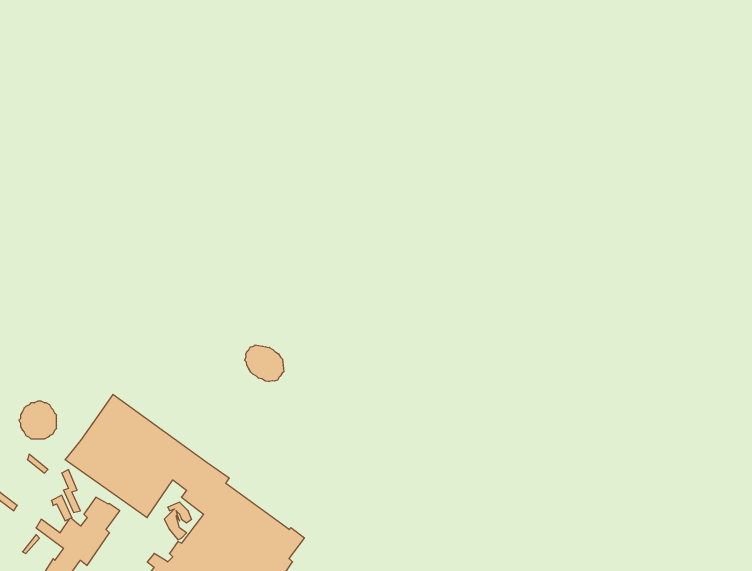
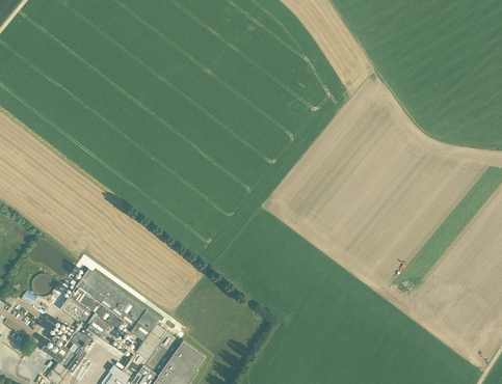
building: [245,345,284,382] -> none

